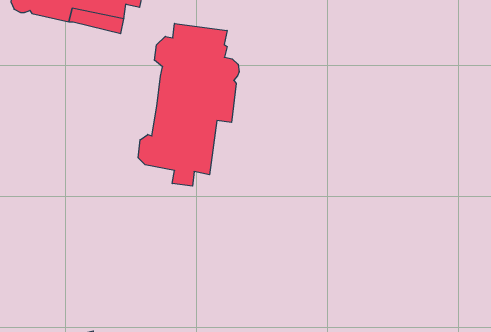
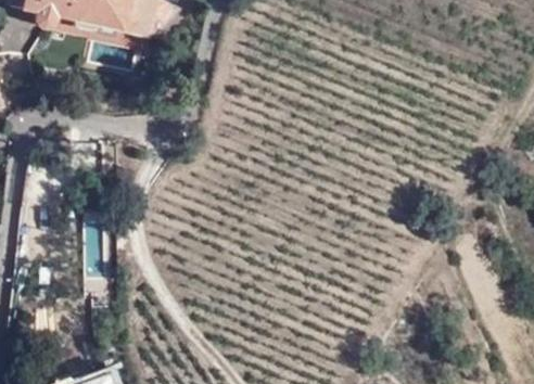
building: [138,23,239,186] -> none

